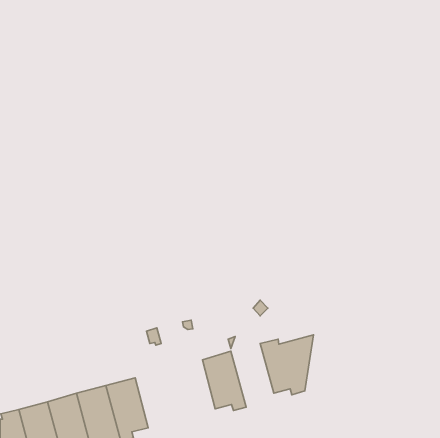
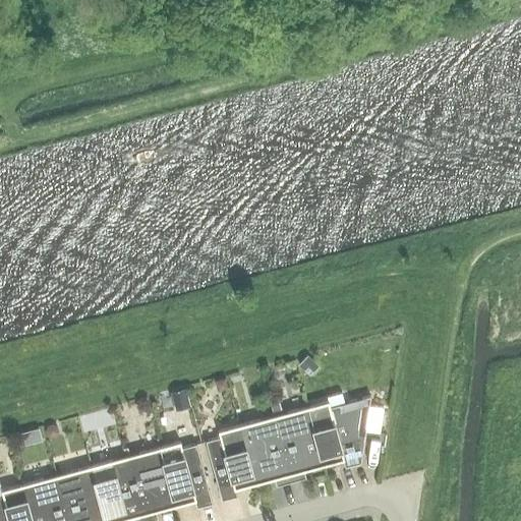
building: none -> [273,408,324,483]
building: none -> [206,427,254,502]
building: none -> [160,444,213,509]

